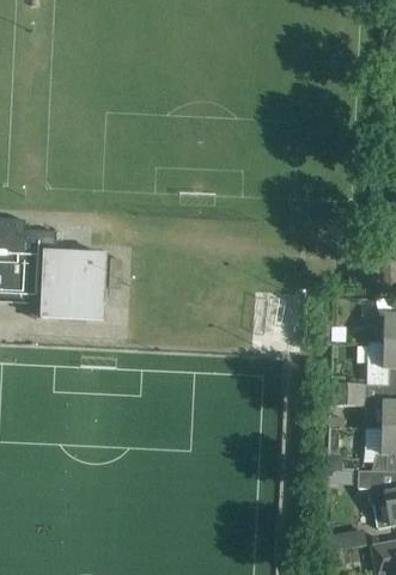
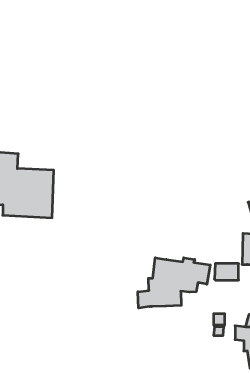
building: none -> [138,258,210,308]

